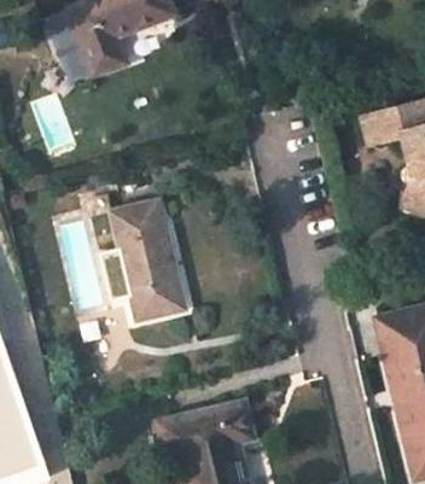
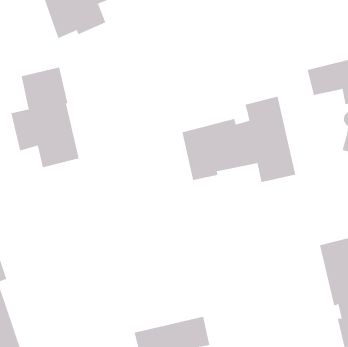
building: none -> [182,96,296,183]
building: [100,202,181,320] -> [10,67,79,168]

